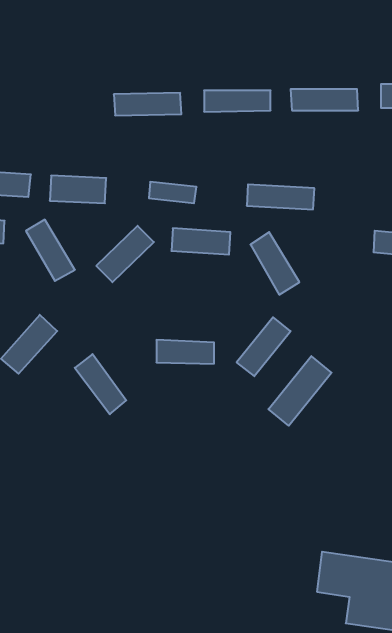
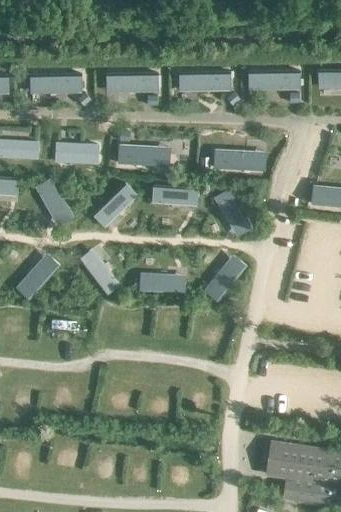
building: none -> [29,76,83,94]
building: [75,354,126,414] -> [78,248,119,296]
building: [268,356,332,426] -> none

